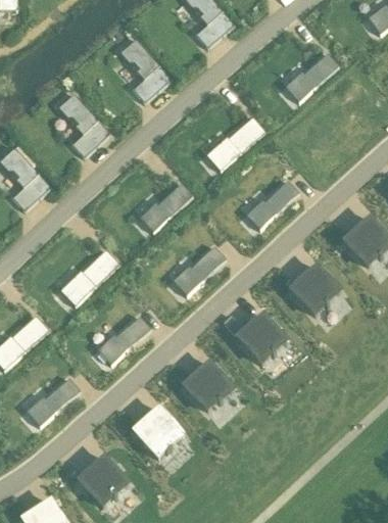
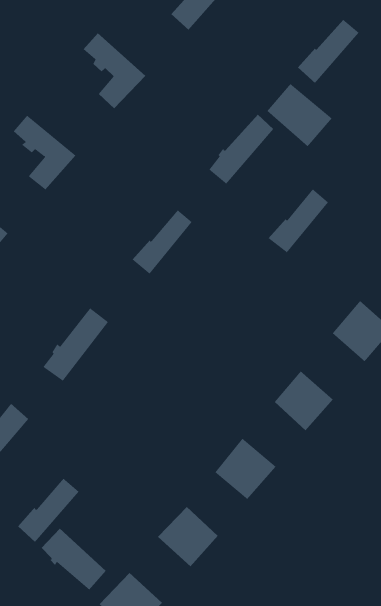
building: none -> [267,83,332,147]
building: [175,246,225,293] -> none
building: [99,316,149,362] -> none
building: none -> [41,528,106,591]

